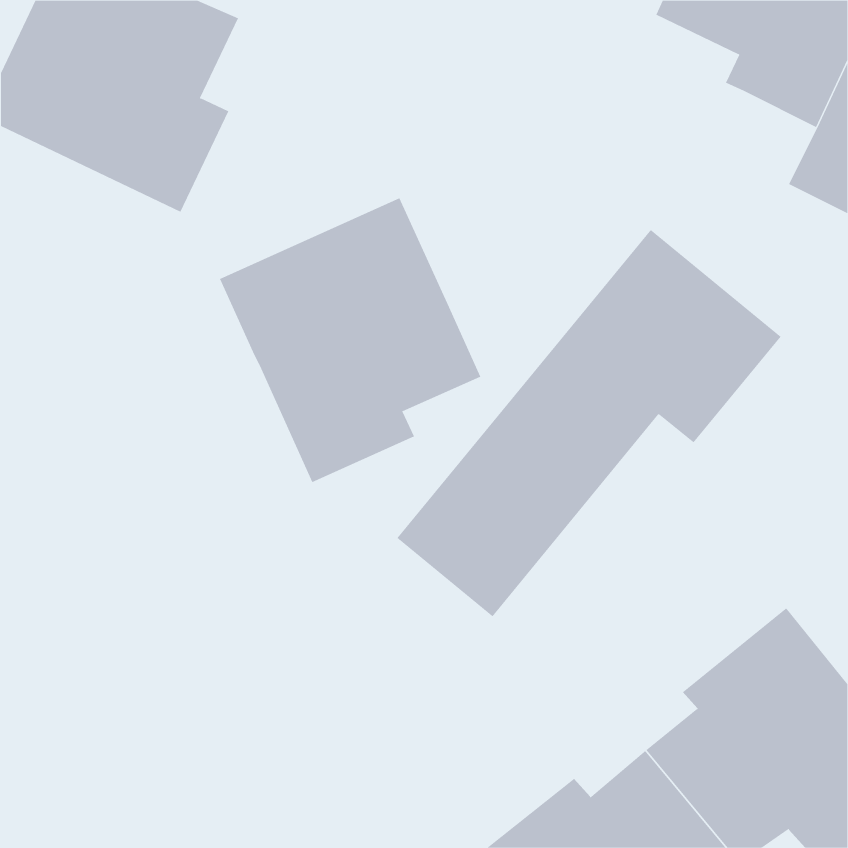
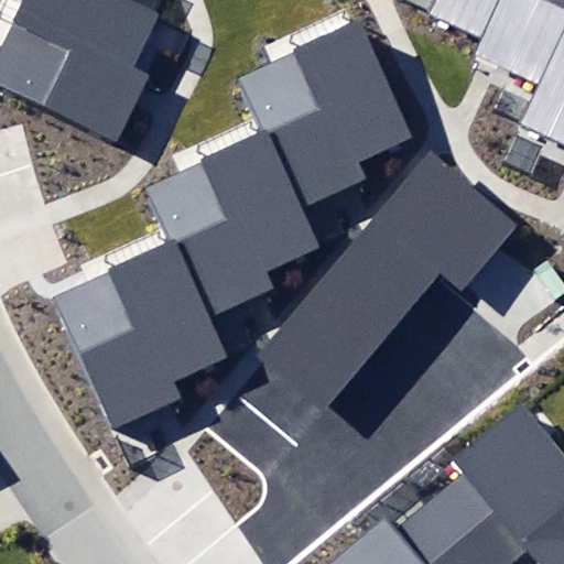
building: none -> [242,24,410,204]
building: none -> [52,242,229,430]

